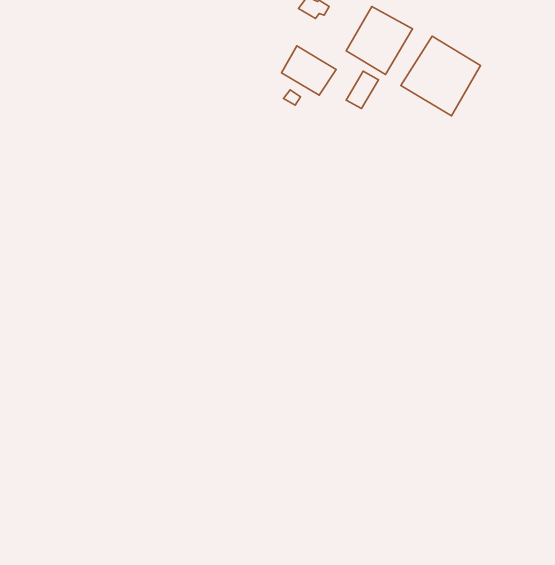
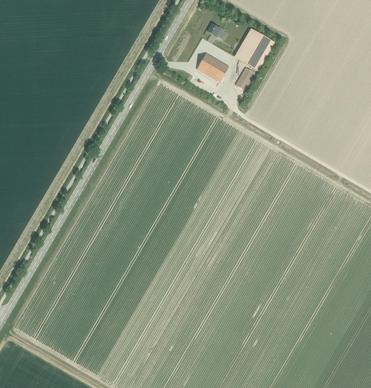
building: [401,36,481,116] -> none

